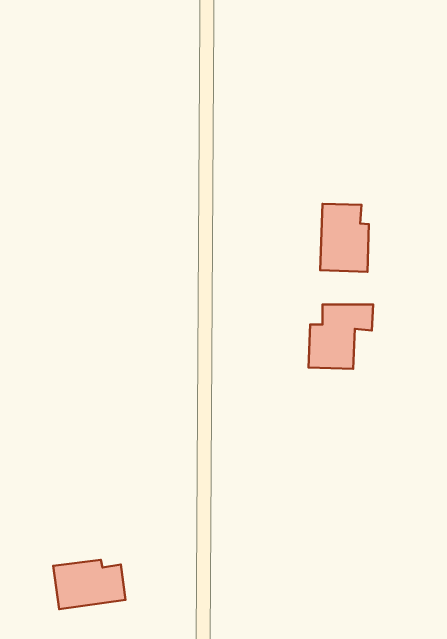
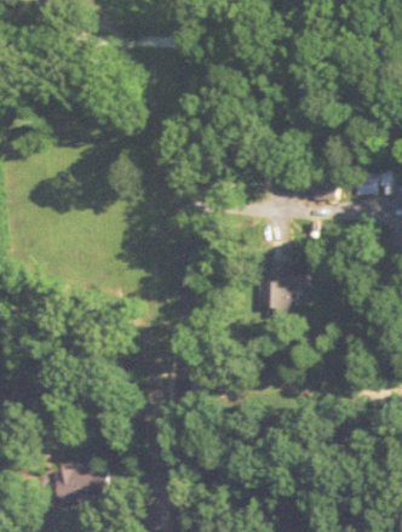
building: [320,204,369,272] -> none

